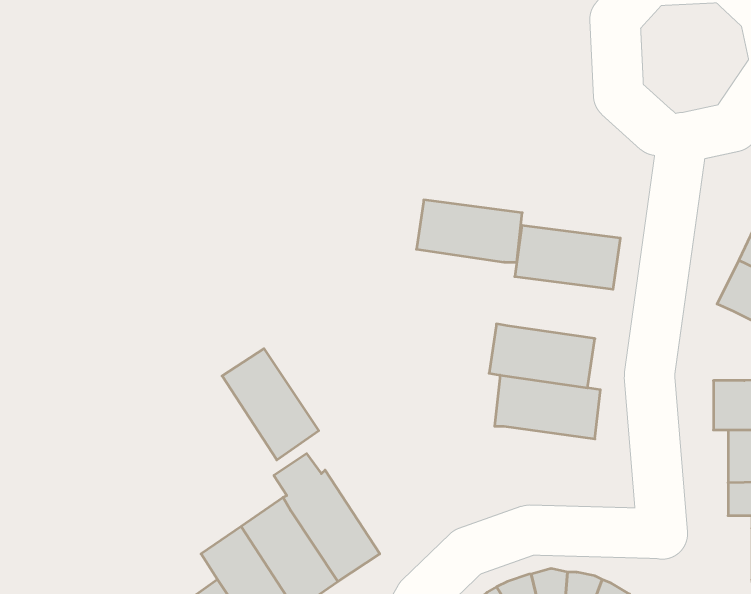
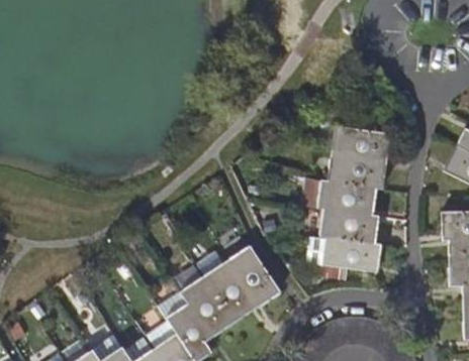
building: [416,200,522,262] -> [327,154,386,189]
building: [222,349,319,460] -> [226,246,280,308]
building: none -> [321,237,381,272]

